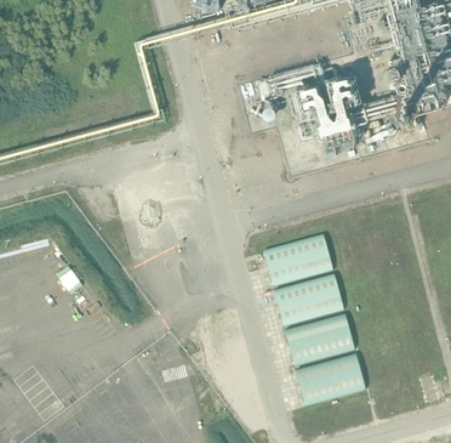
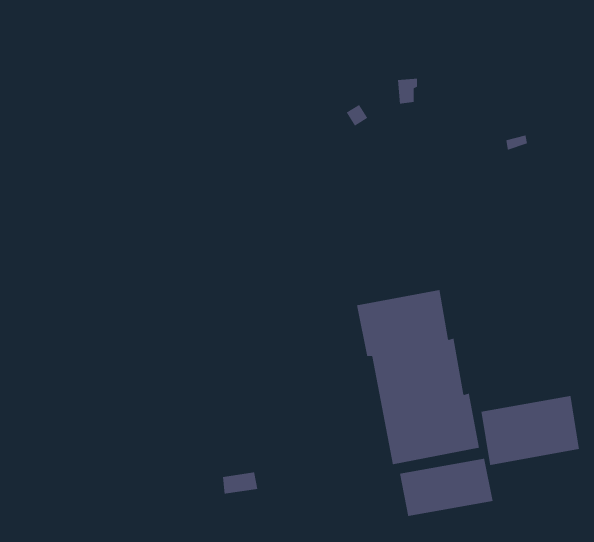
building: none -> [481,395,580,466]

